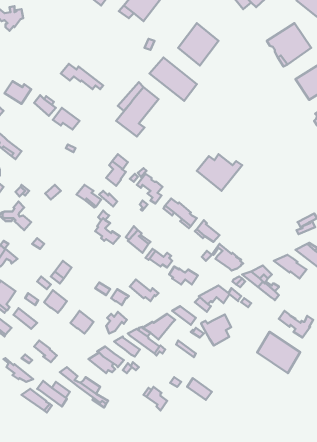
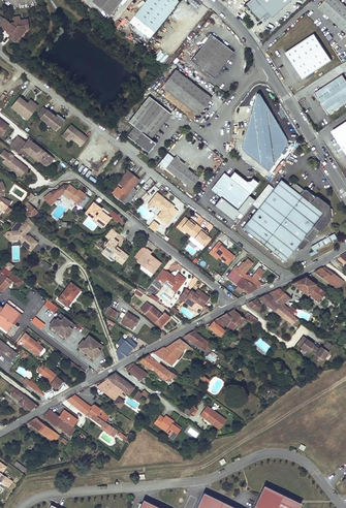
building: [61,64,103,89] -> [9,136,54,163]
building: none -> [242,94,287,170]
building: none -> [165,158,199,189]
building: none -> [242,181,331,262]
building: none -> [42,185,86,209]
building: [201,315,231,346] -> none
building: [257,332,300,373] -> none

